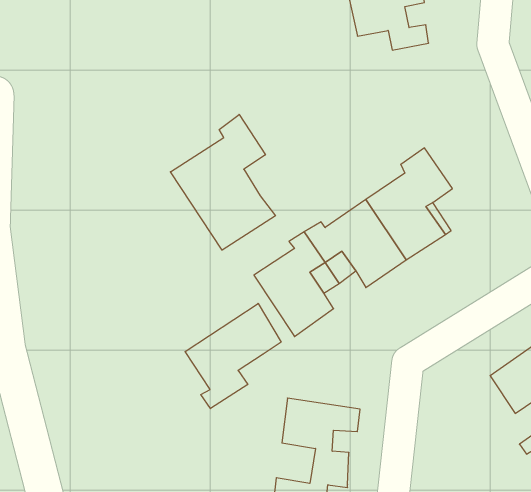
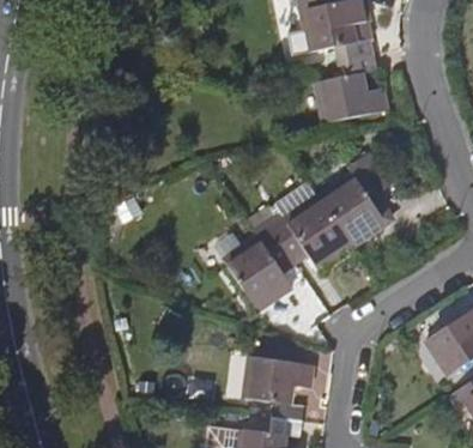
building: none -> [315,55,384,121]
building: [170,114,275,250] -> none
building: [185,303,281,409] -> none

